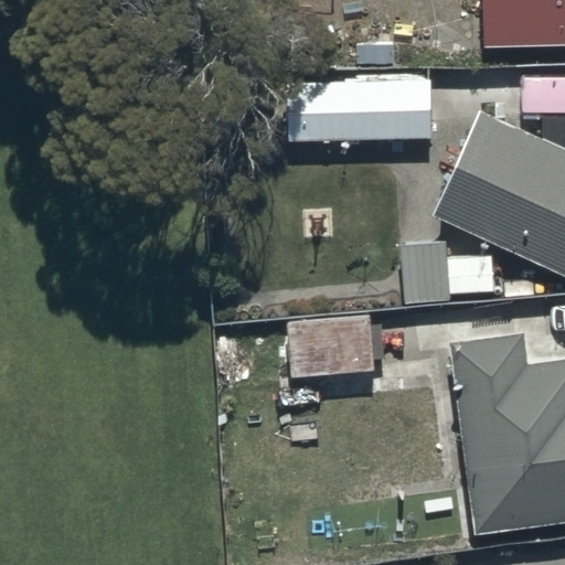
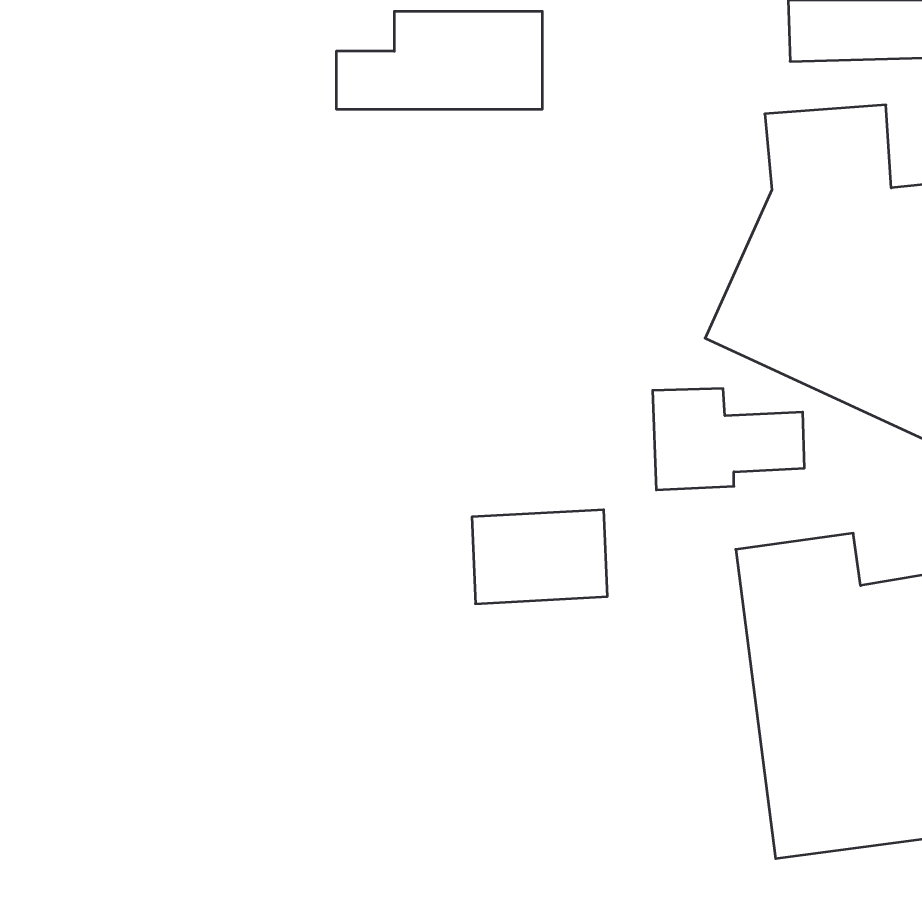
building: [306,81,431,140] -> [336,11,542,109]

